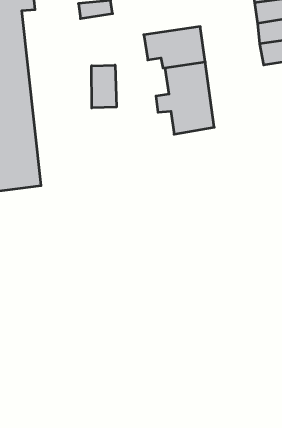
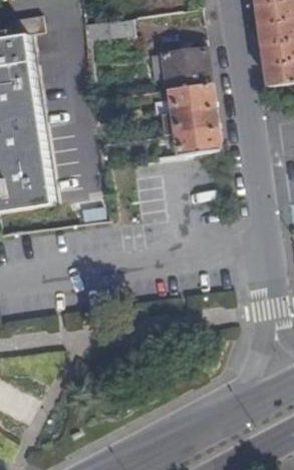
building: [92,65,116,108] -> none

